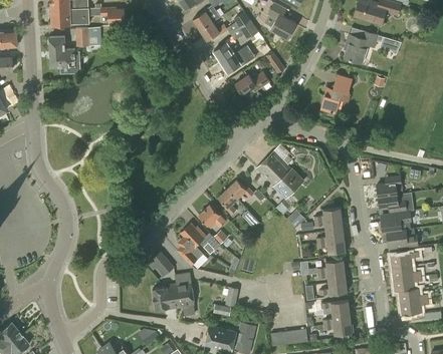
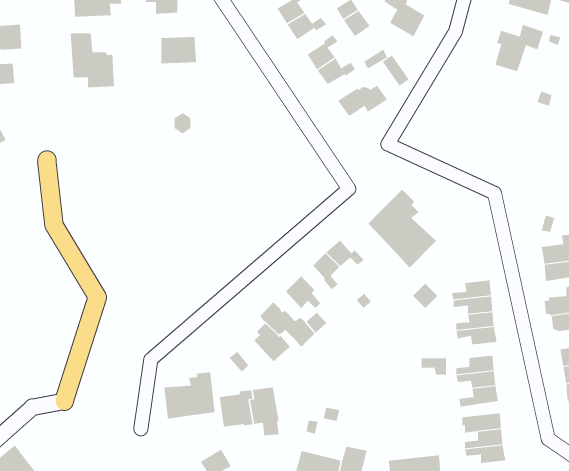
building: [76,27,101,46] -> [161,37,197,64]
building: [320,74,353,114] -> none
building: none -> [164,371,215,420]

